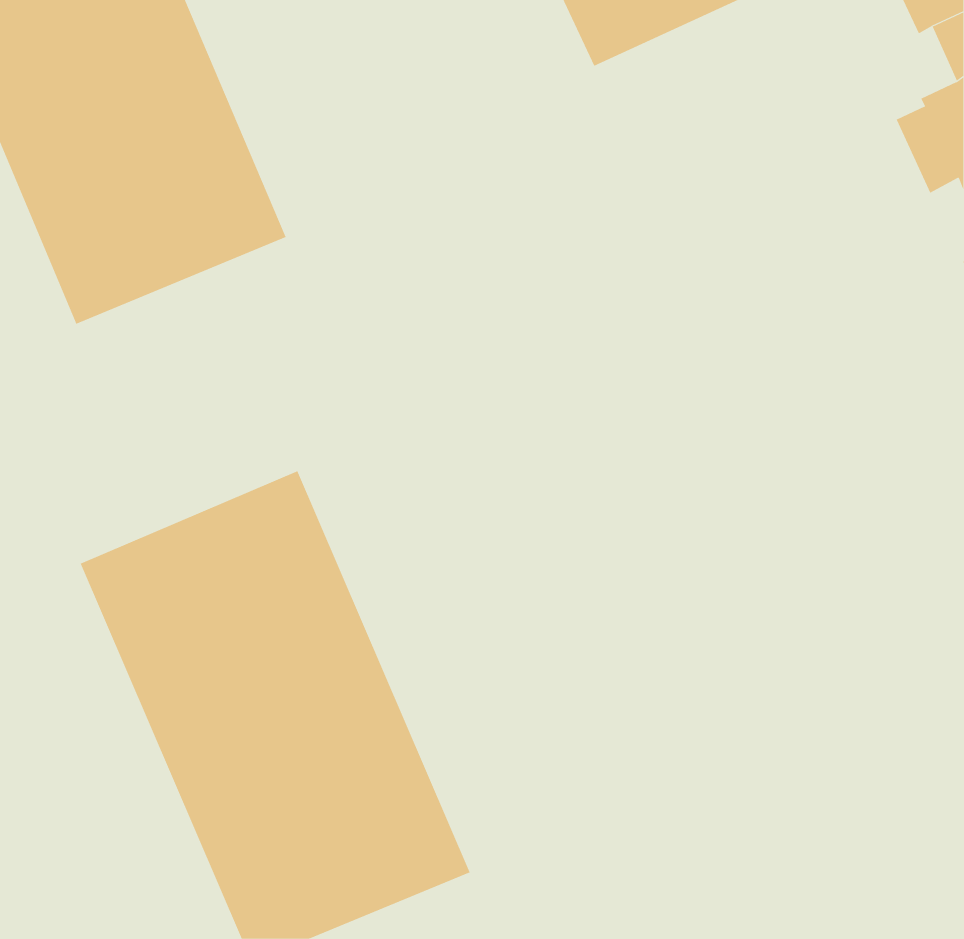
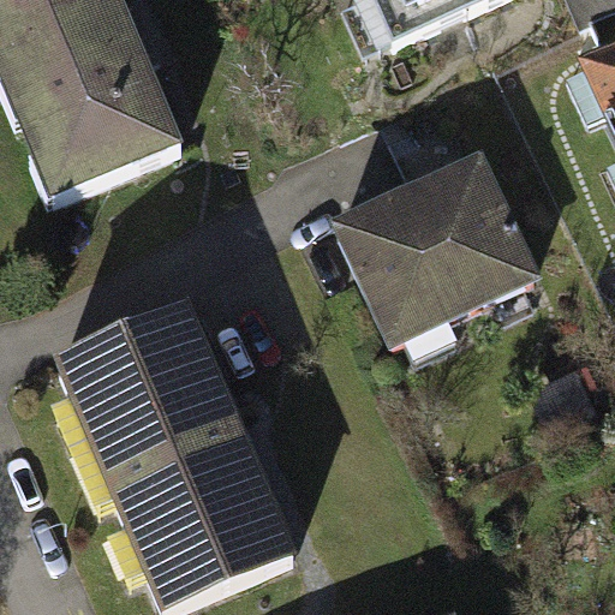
building: none -> [329,150,539,344]

